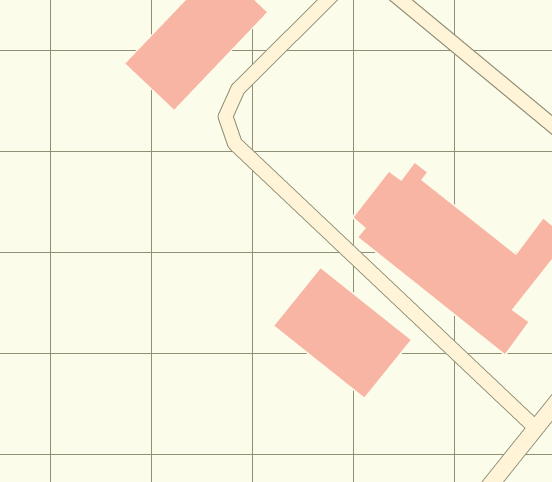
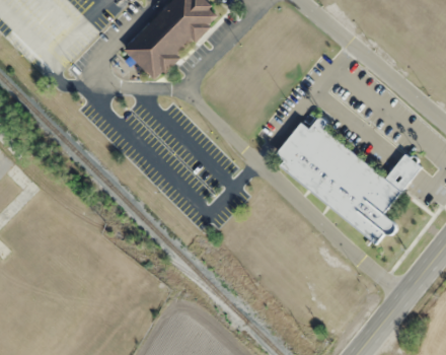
building: [273,267,412,399] -> none

